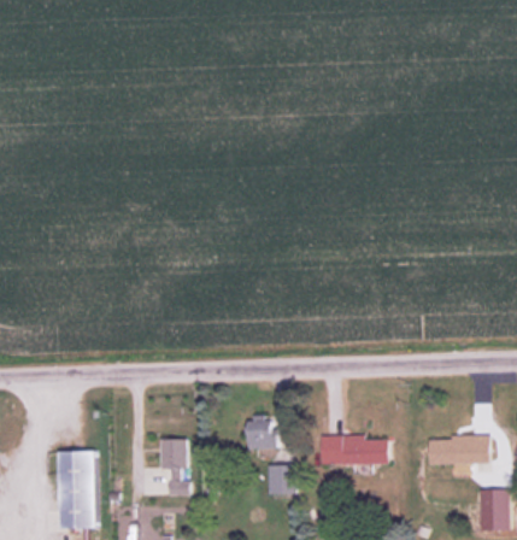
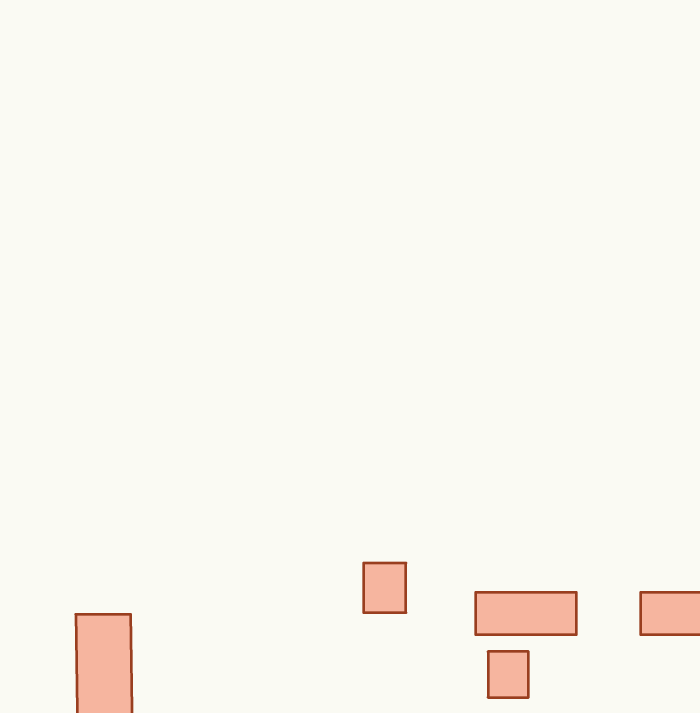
building: [164,440,187,495] -> none
building: [268,464,294,494] -> [488,652,528,697]

